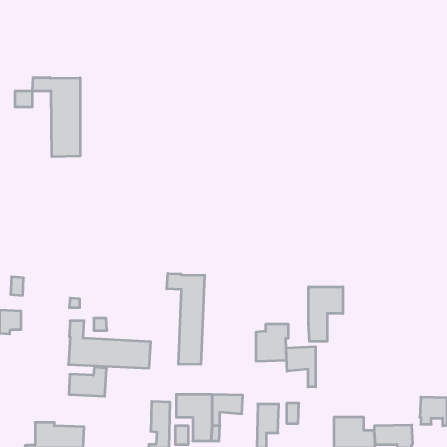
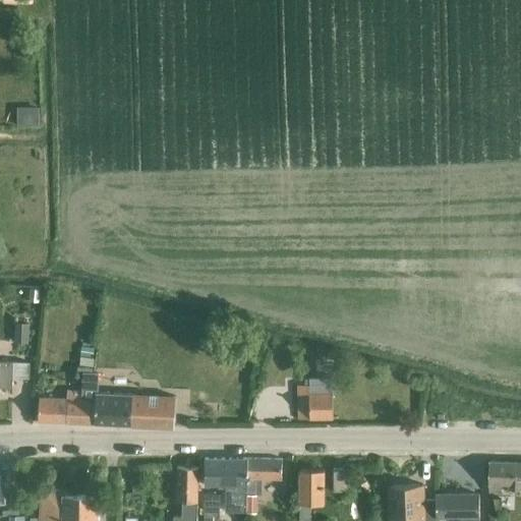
building: [32,77,80,157] -> none
building: [167,273,205,364] -> none
building: [309,287,343,341] -> none
building: [286,347,316,387] -> none
building: [69,367,107,396] -> [38,391,81,424]

